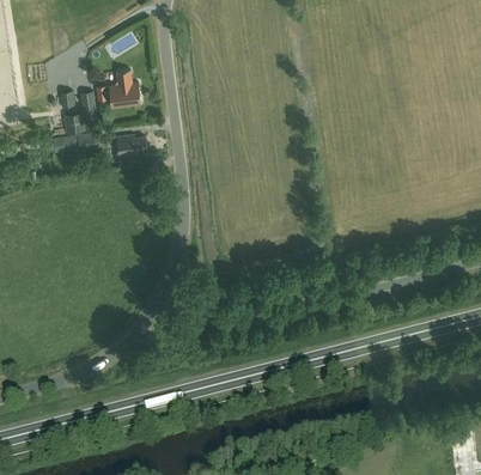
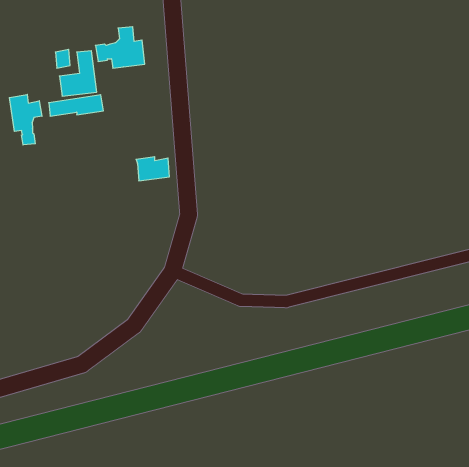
building: none -> [9,94,42,145]
building: [116,133,146,154] -> [136,157,169,181]

